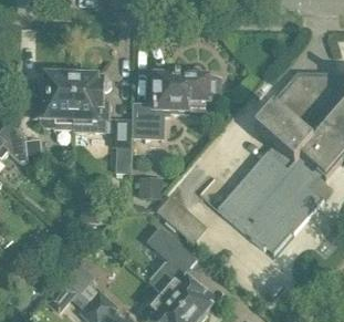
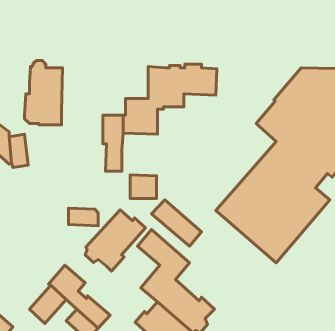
building: [72,74,112,131] -> none
building: none -> [85,210,145,271]

